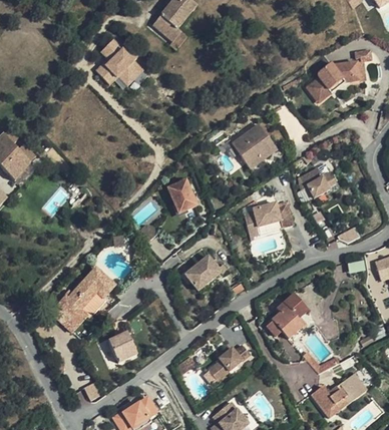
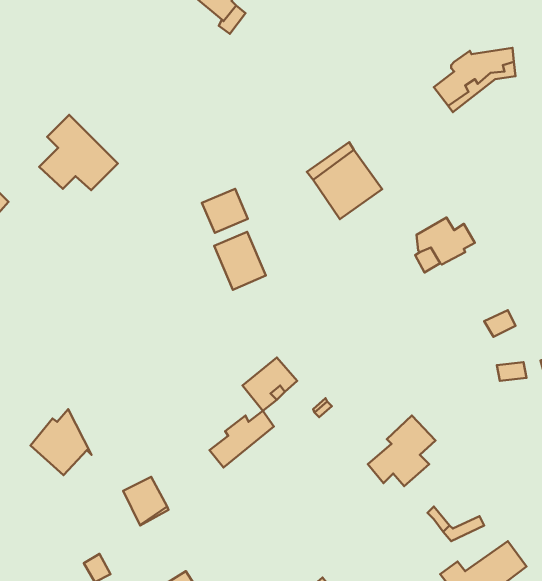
building: [96,36,146,84] -> [39,115,118,190]
building: none -> [202,189,248,233]
building: [252,201,292,233] -> none
building: [74,267,114,318] -> none
building: [204,350,245,386] -> [209,411,274,467]

